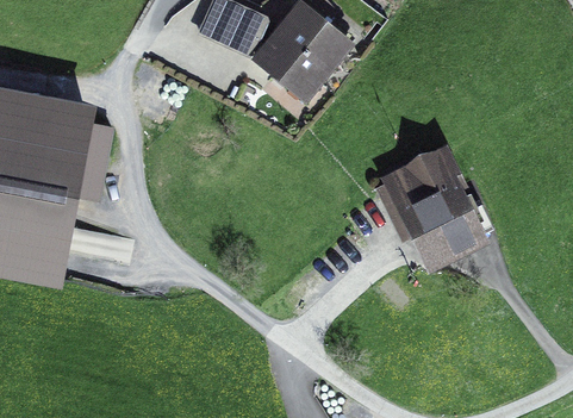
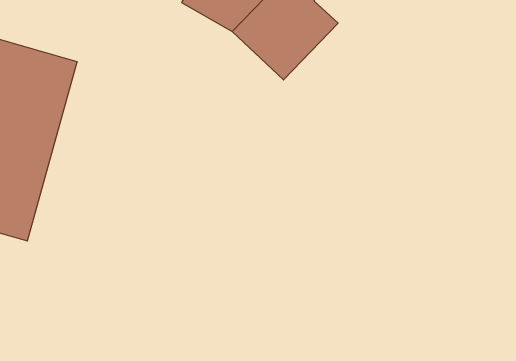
building: [379,143,488,273] -> none

